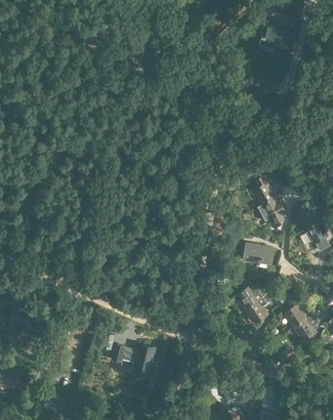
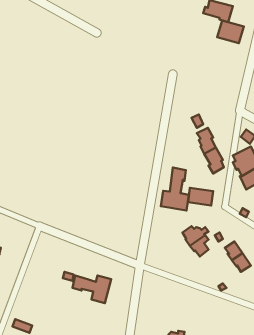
building: none -> [217,20,244,43]
building: none -> [161,168,189,210]

